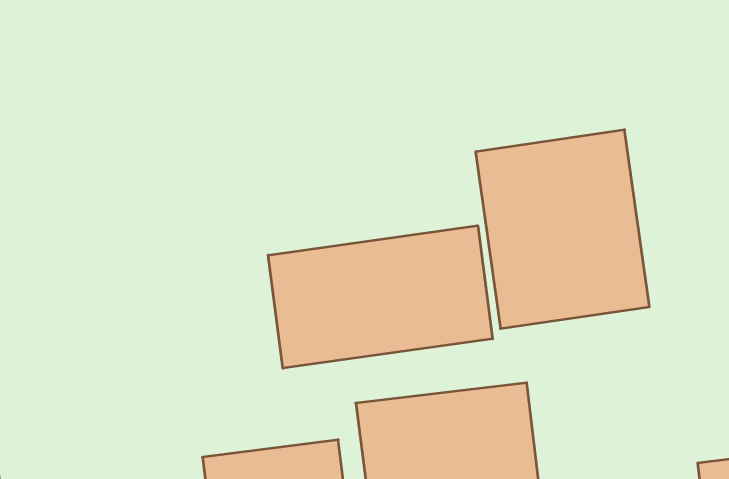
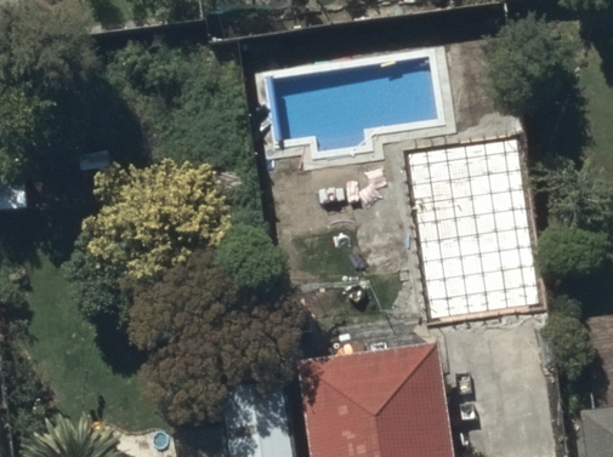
building: [268,226,493,368] -> none

